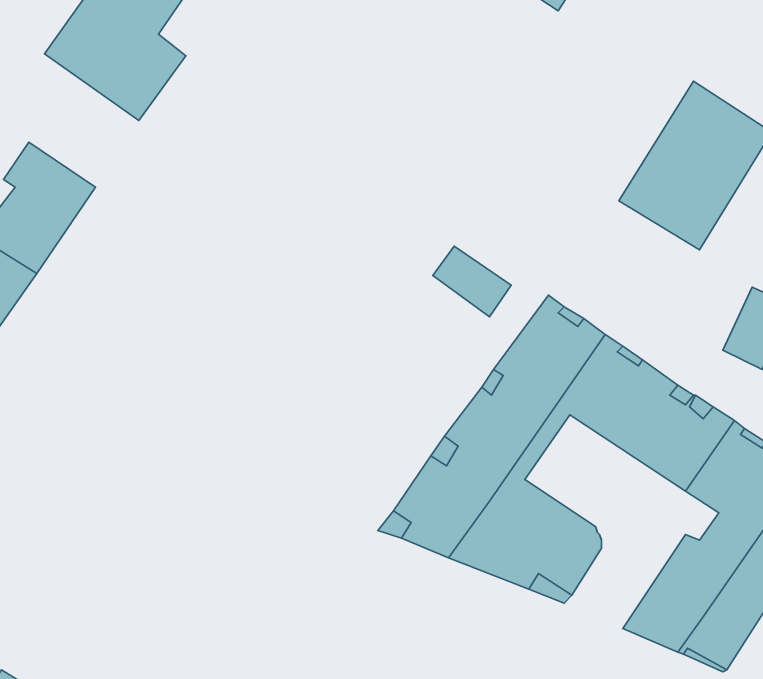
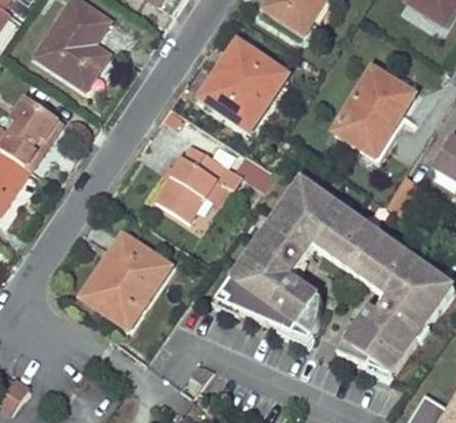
building: none -> [204,41,287,131]
building: none -> [153,145,241,222]
building: none -> [95,234,170,328]

